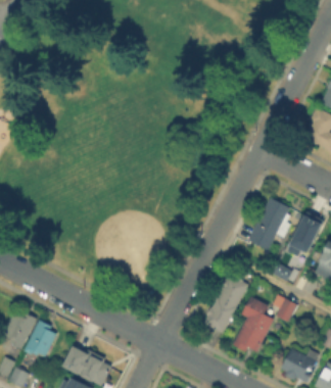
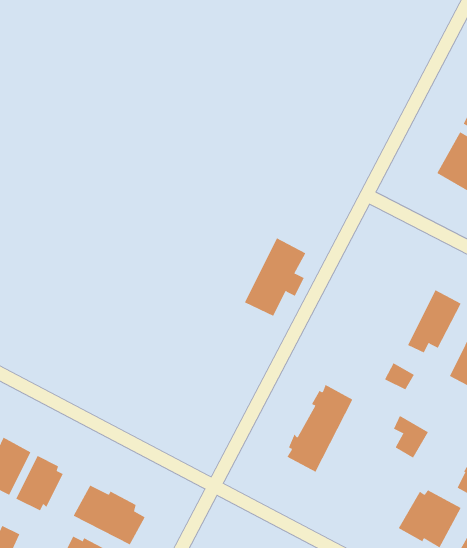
building: [248,198,289,250] -> [244,238,306,317]
building: [234,298,273,351] -> none

